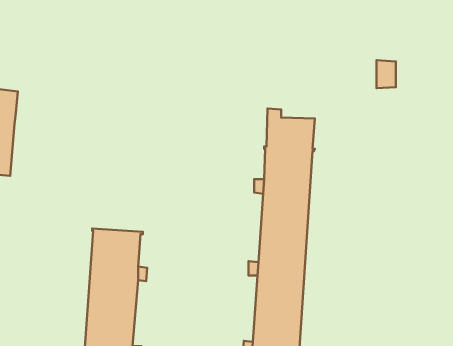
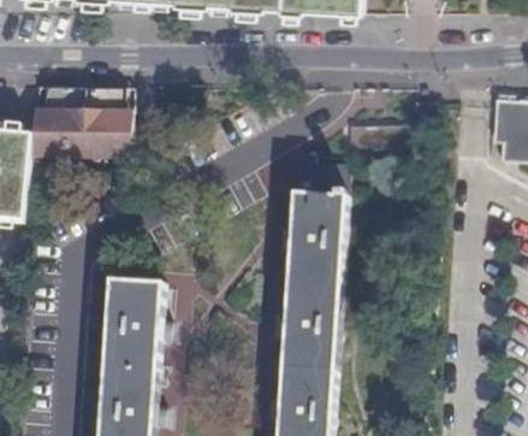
building: none -> [28,89,130,160]

